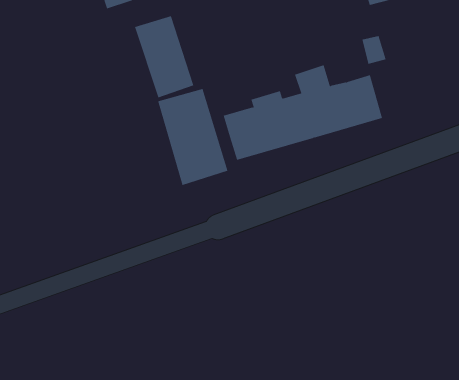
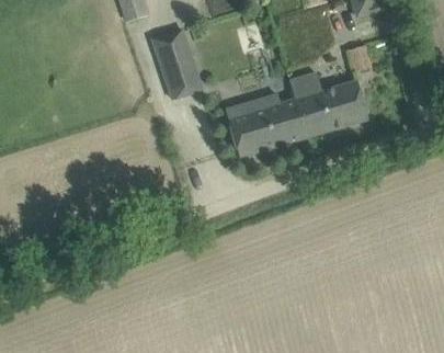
building: [157,88,228,186] -> none

